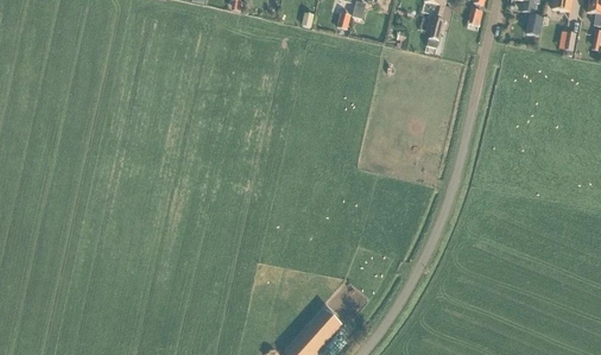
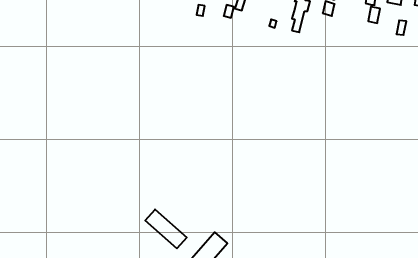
building: none -> [145,209,187,248]

